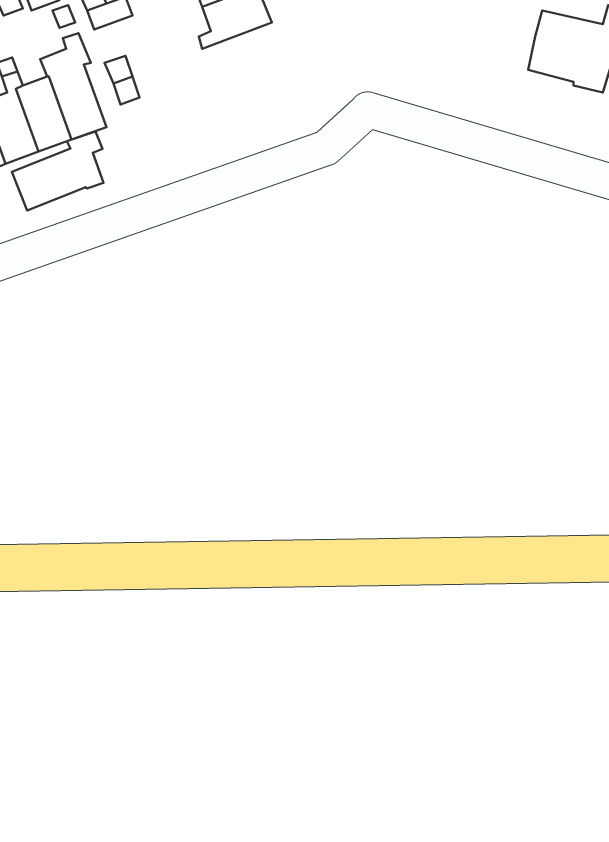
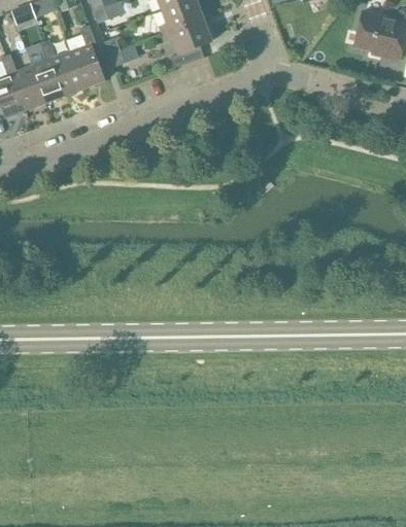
building: none -> [161,19,210,68]
building: [12,132,104,210] -> none

